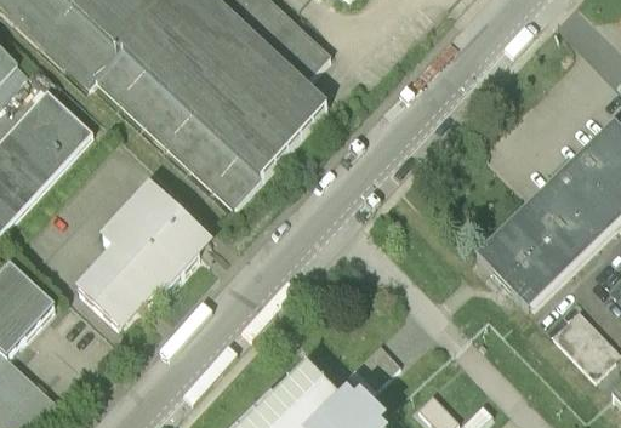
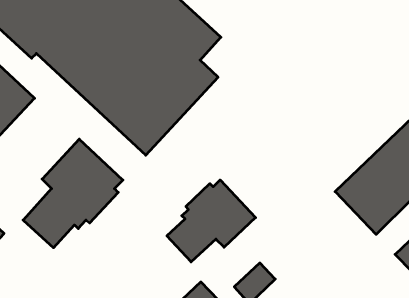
building: none -> [167,180,256,262]

